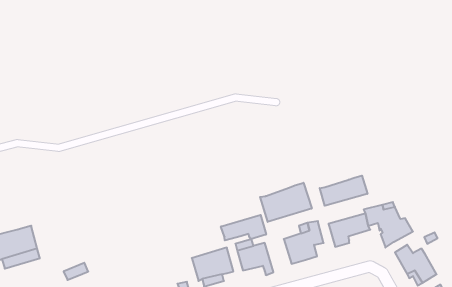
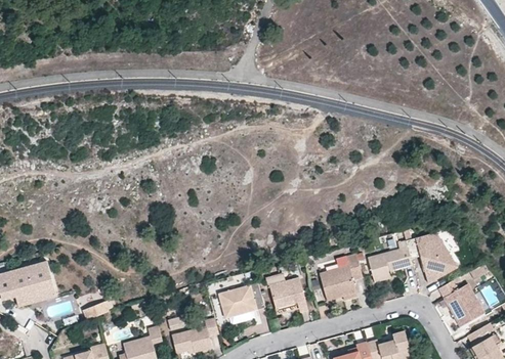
building: [320,176,367,206] -> none
building: [260,183,312,222] -> none
building: [221,215,266,240] -> none

